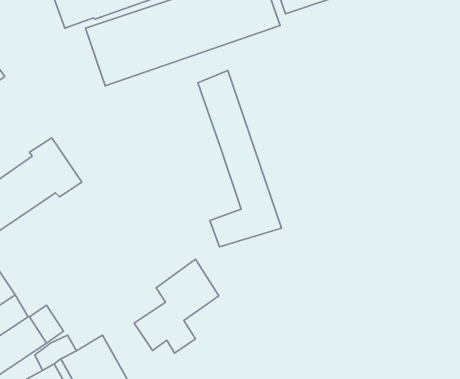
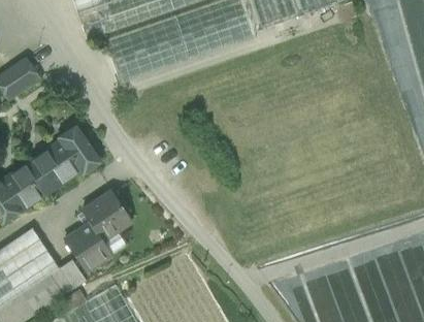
building: [198,71,282,247] -> none
building: [134,259,219,353] -> [64,191,131,265]

